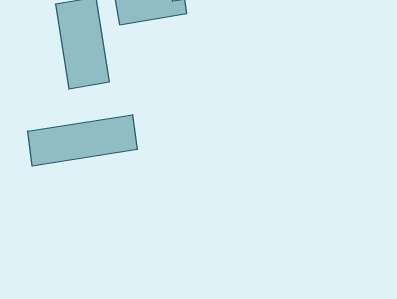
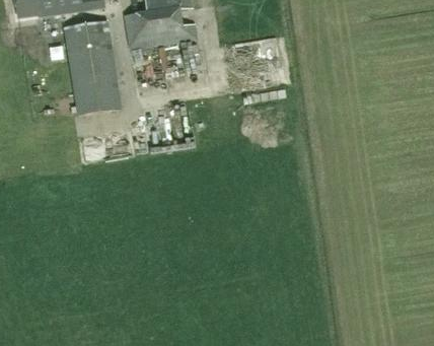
building: [28,115,137,166] -> none

